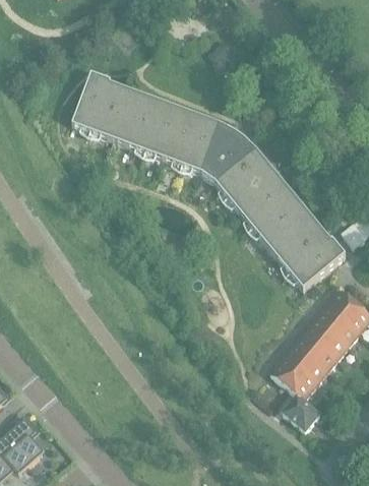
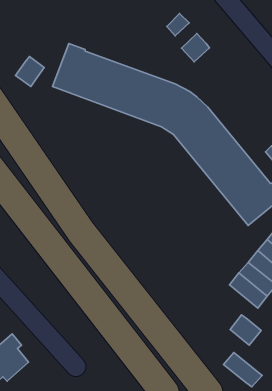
building: none -> [181,33,210,62]
building: none -> [15,56,44,86]
building: [270,358,316,399] -> [223,352,262,387]

